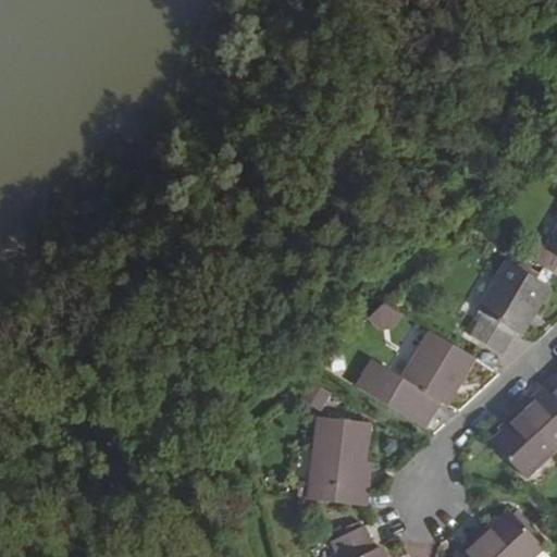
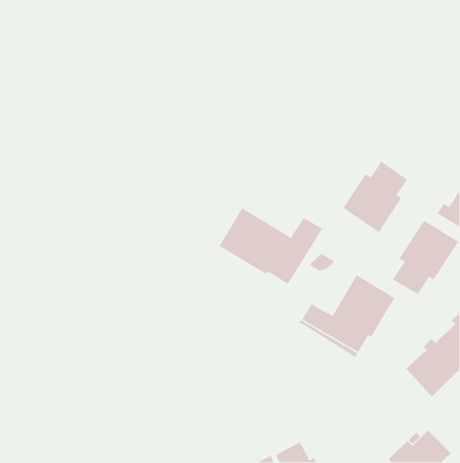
building: none -> [343,161,408,233]
building: none -> [218,207,323,285]
building: [310,418,372,506] -> none

